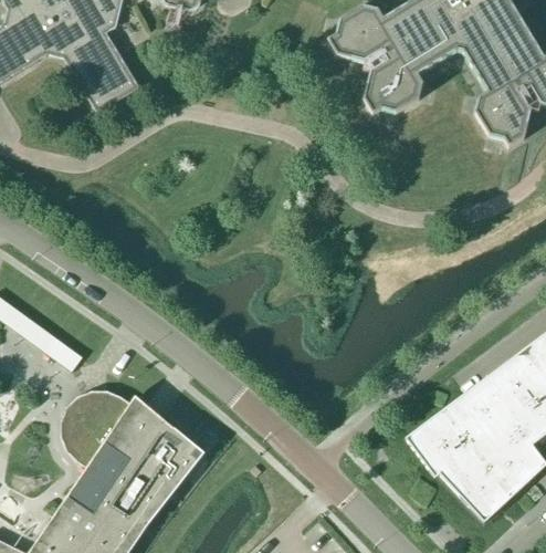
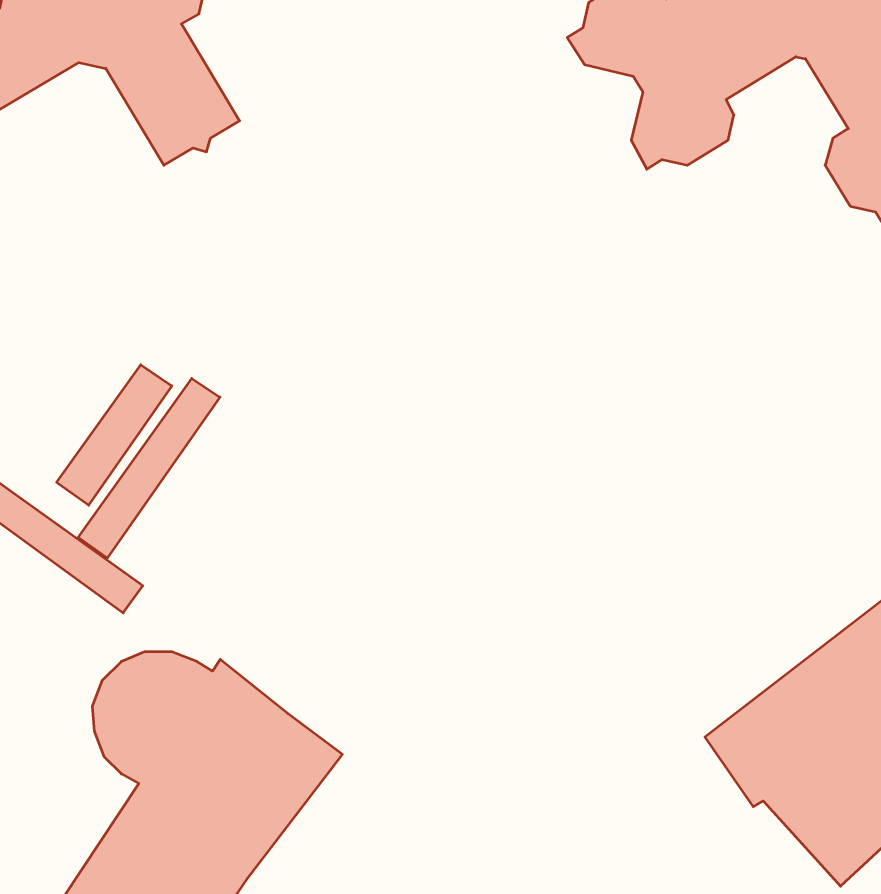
building: none -> [57,365,172,505]
building: none -> [78,378,220,558]

